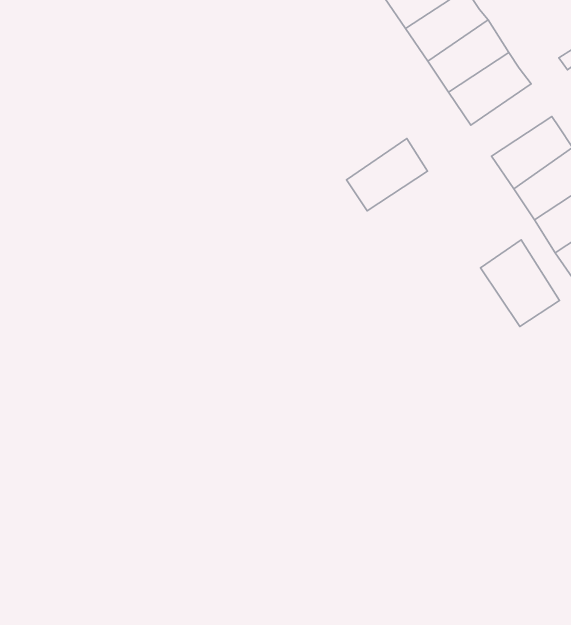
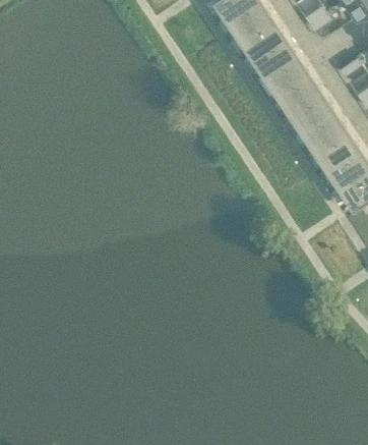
building: [346,138,427,211] -> [289,91,336,133]
building: [480,240,560,327] -> none

